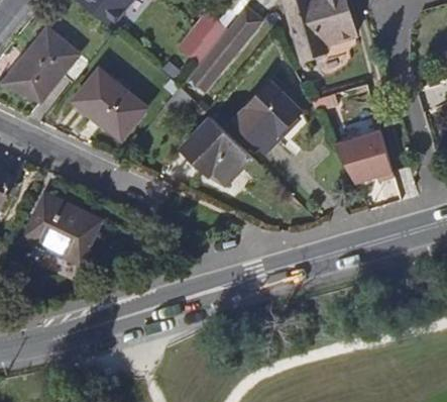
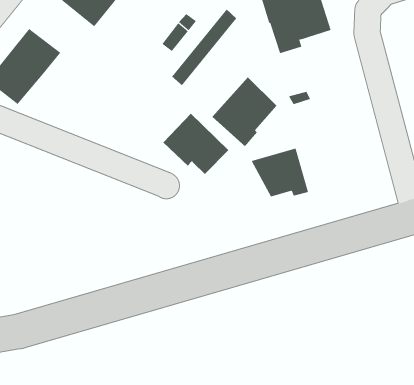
building: [76,73,147,140] -> none
building: [334,130,394,181] -> [251,148,309,197]
building: [26,194,101,265] -> none

